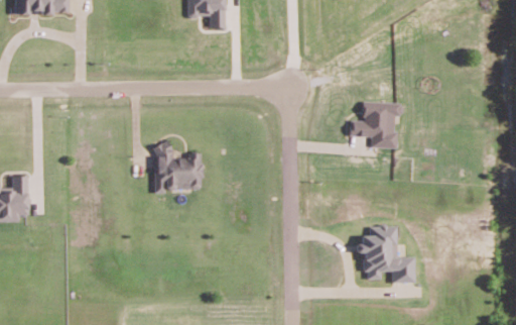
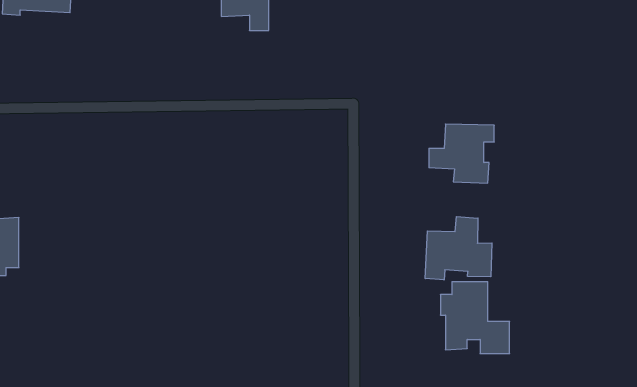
building: [155,143,201,190] -> none
building: none -> [425,217,492,280]

